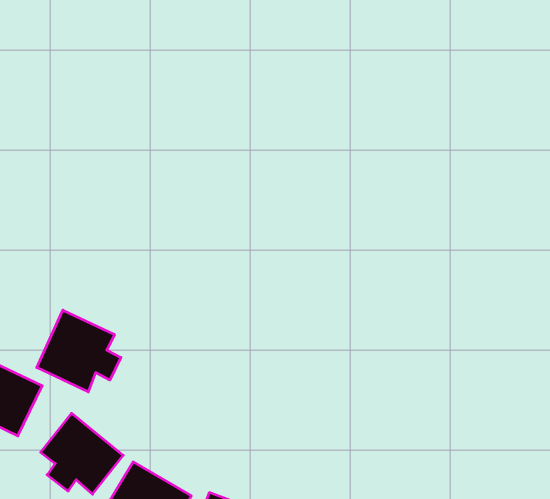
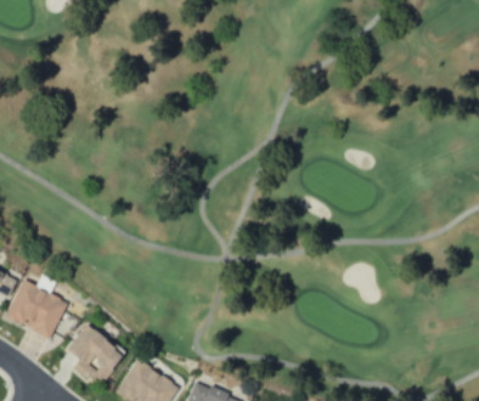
building: [37,310,121,392] -> none

